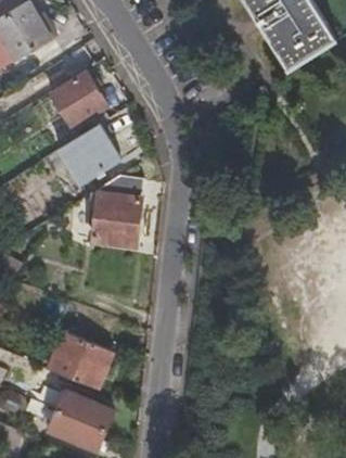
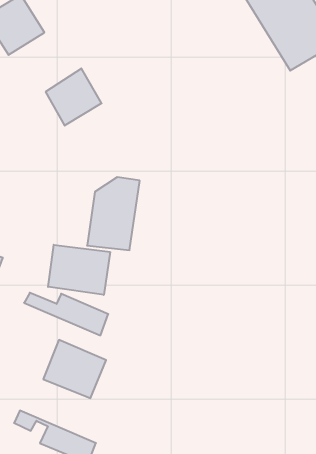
building: [59,125,118,185] -> none
building: none -> [48,245,110,295]
building: [27,392,108,433] -> [24,293,108,335]

